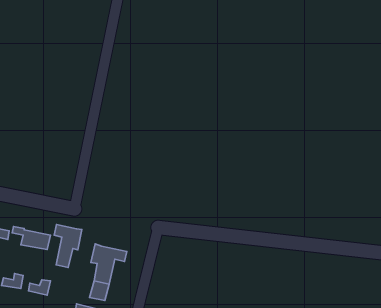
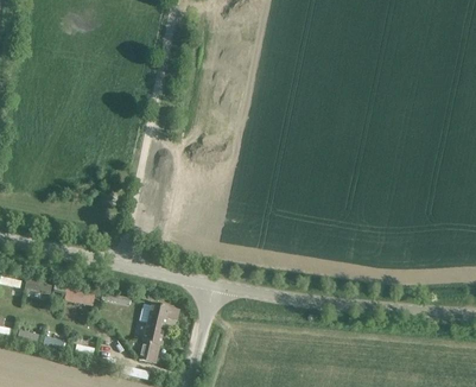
building: [54,224,82,268] -> none

